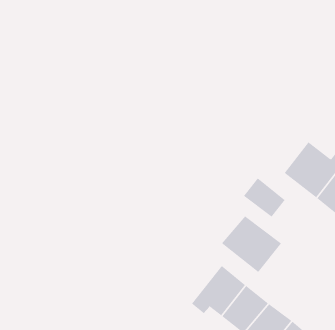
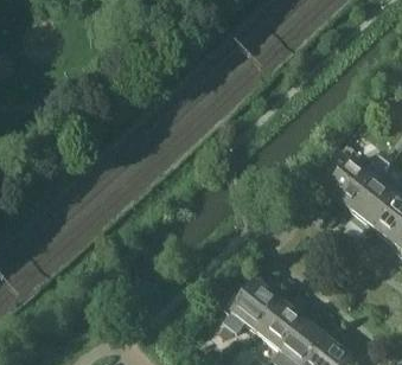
building: [243,178,285,217] -> none
building: [221,215,282,273] -> none

